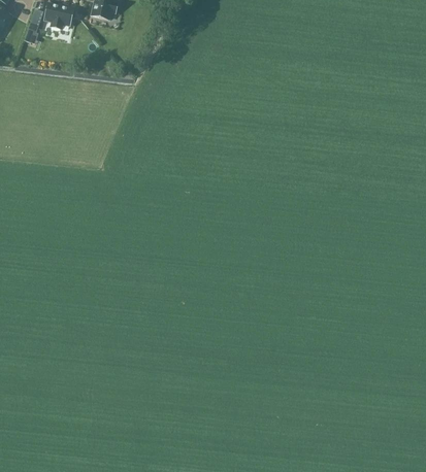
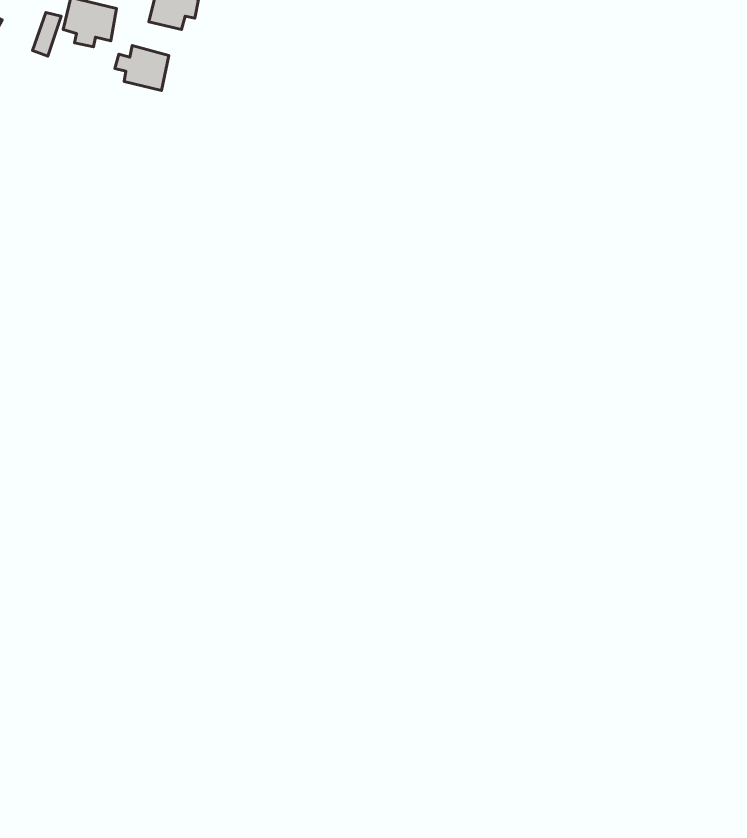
building: none -> [115,46,169,90]

